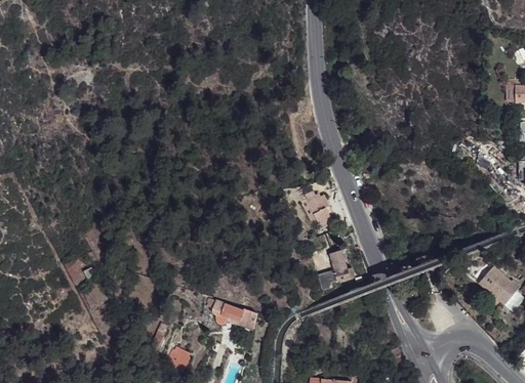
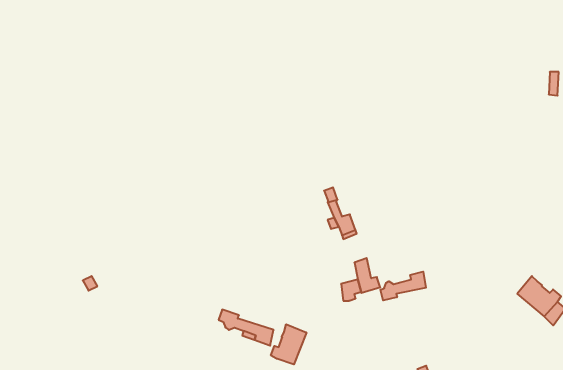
building: none -> [380,272,426,300]
building: none -> [271,324,306,364]

